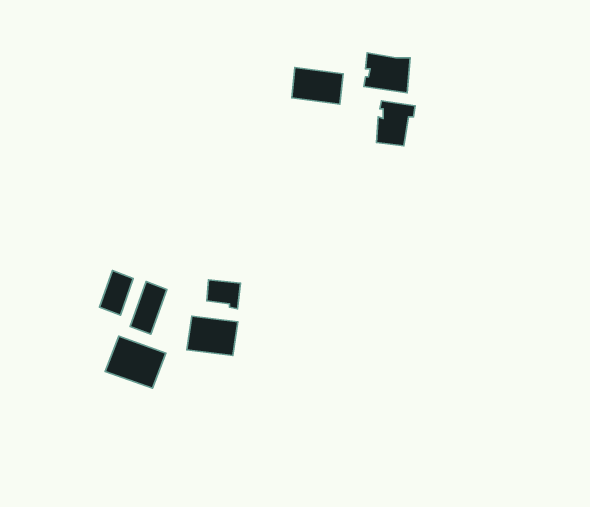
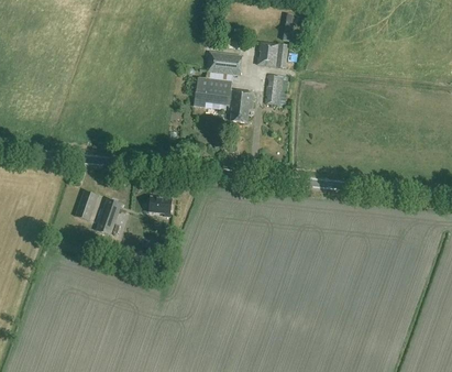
building: none -> [195,80,253,123]
building: [187,316,238,355] -> none
building: [105,336,166,388] -> none

